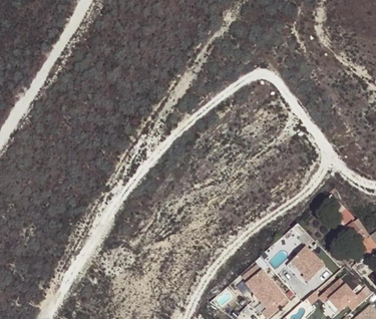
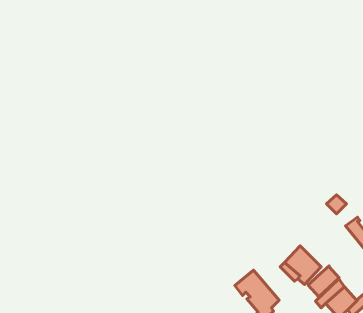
building: none -> [308,266,339,297]

